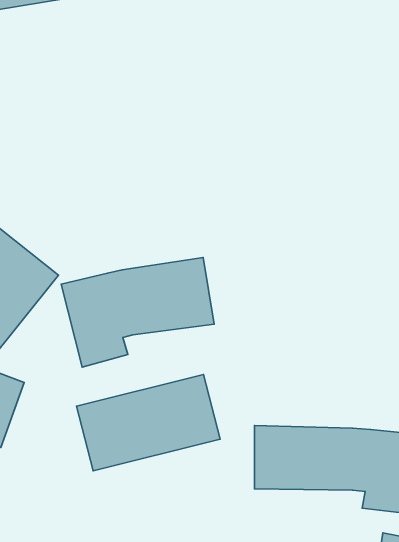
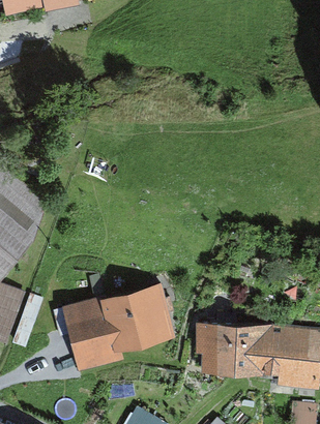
building: [61,258,214,367] -> none

